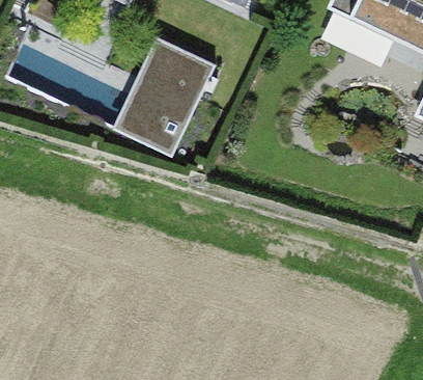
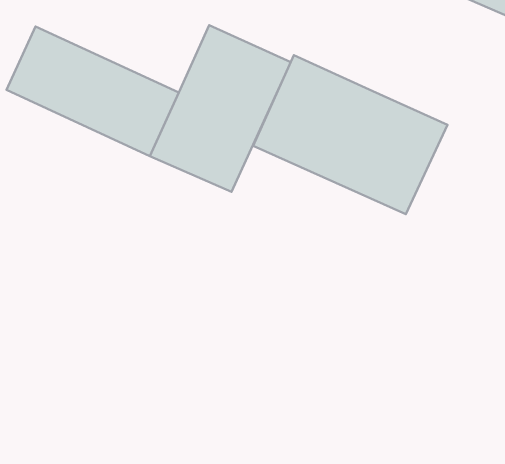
building: none -> [253,55,448,214]

